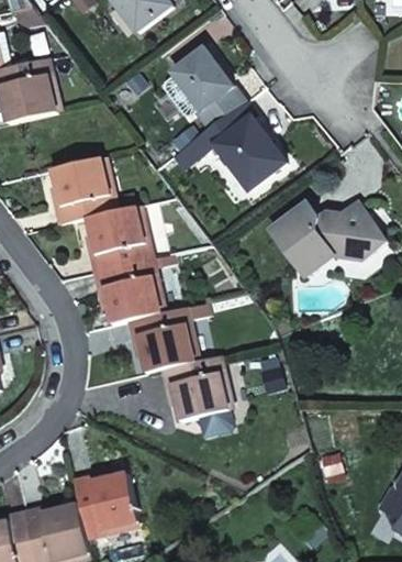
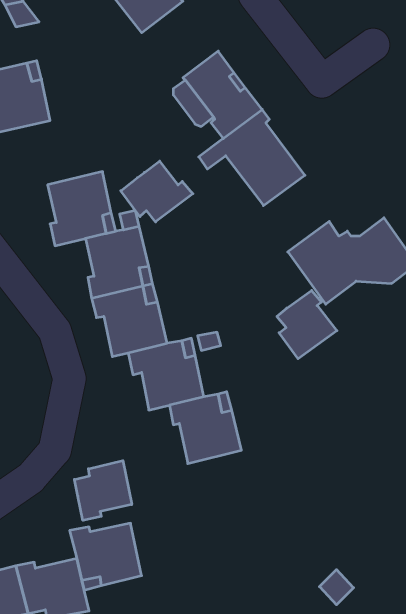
building: none -> [121,161,193,222]
building: none -> [277,290,337,359]
building: none -> [74,461,132,520]

